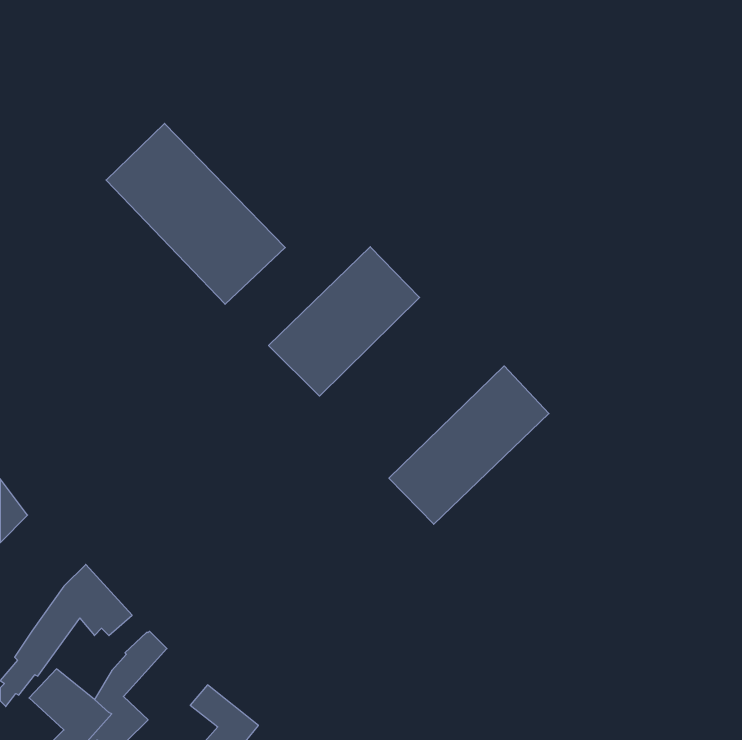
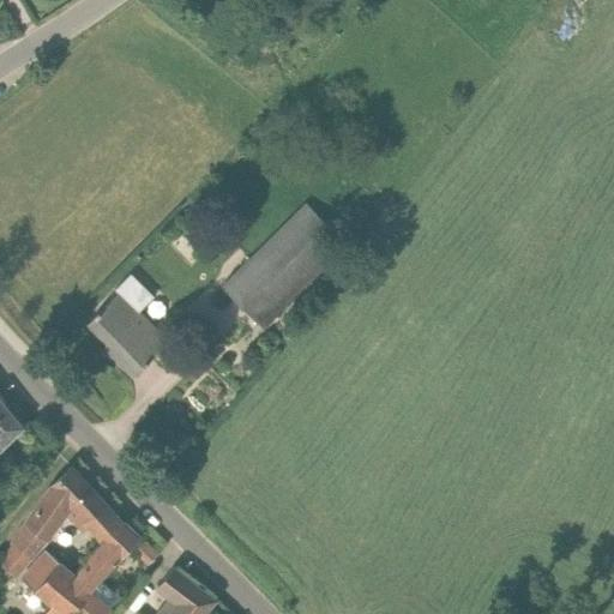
building: [106,123,285,304] -> none
building: none -> [90,275,168,377]
building: [389,366,549,524] -> none

